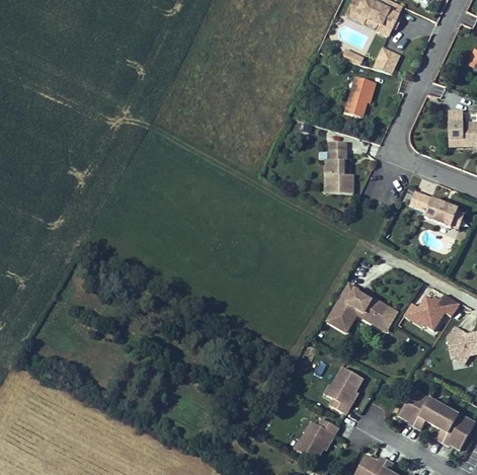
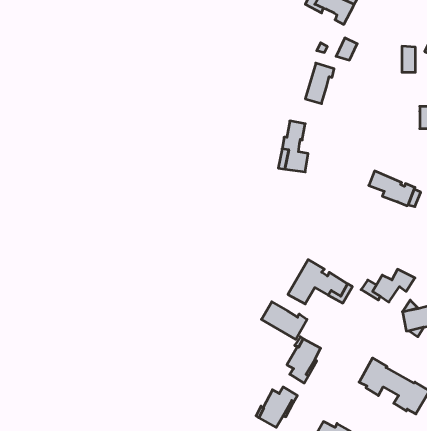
building: [452,110,466,138] -> [402,46,415,72]
building: none -> [261,302,307,339]

